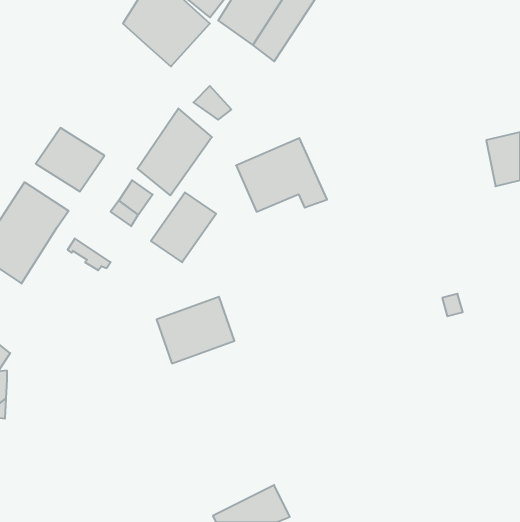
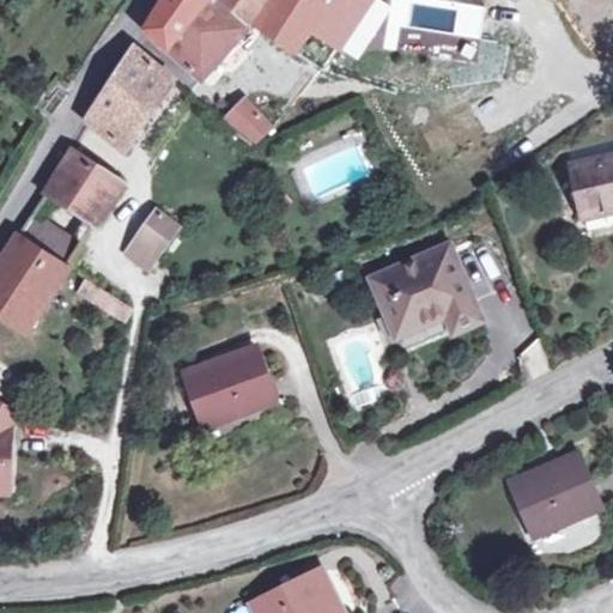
building: [137,108,212,195] -> [85,45,172,147]
building: [236,138,327,212] -> [372,248,479,334]
building: [151,192,216,262] -> none
building: none -> [510,454,600,535]

